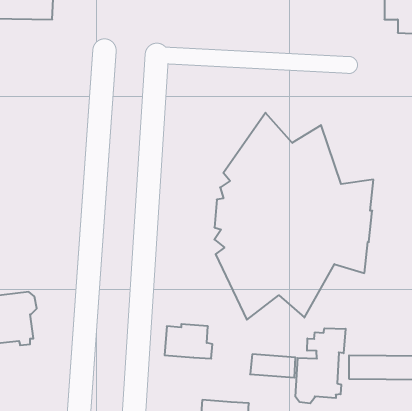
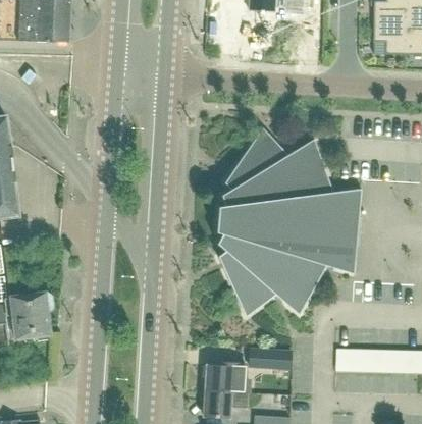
building: [165,324,212,359] -> [205,361,249,392]
building: [296,328,346,403] -> none

